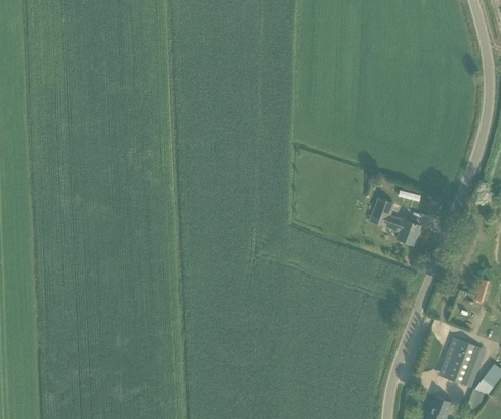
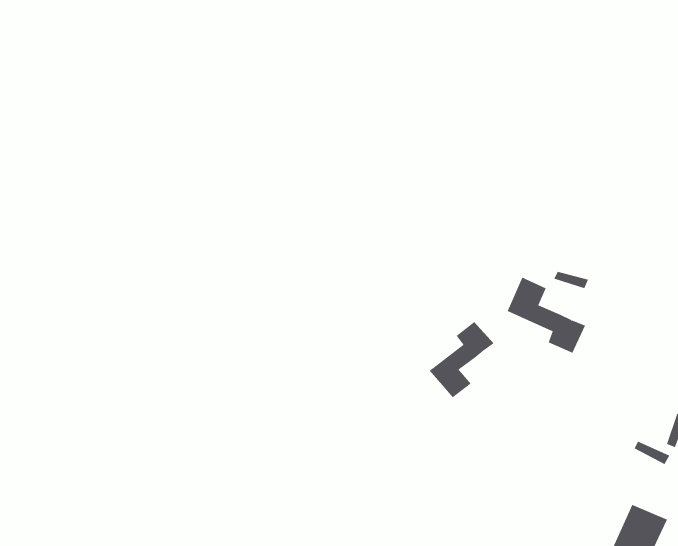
building: none -> [429,321,494,398]

